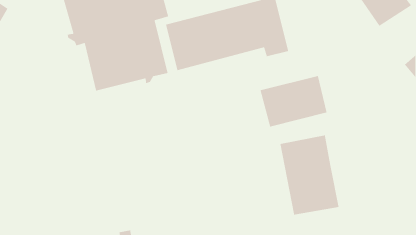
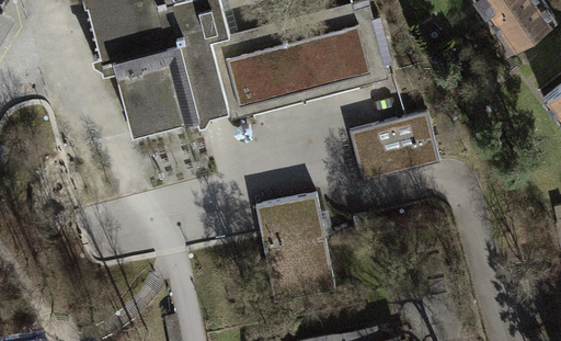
building: [280,134,339,216] -> [255,193,335,302]

